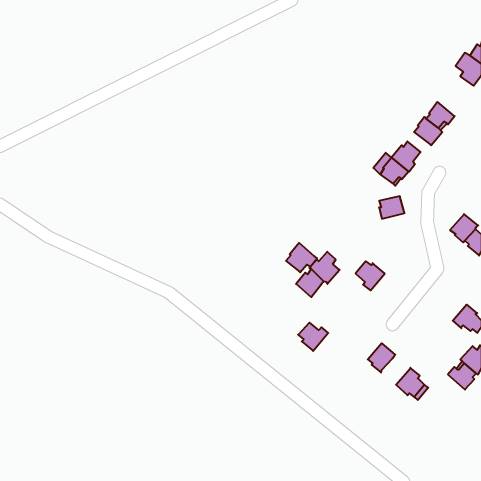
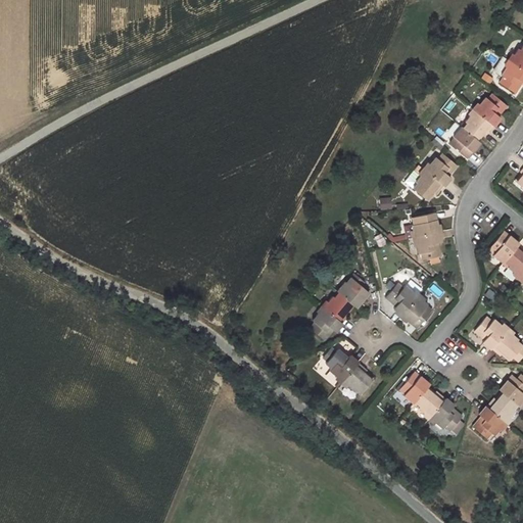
building: none -> [475,95,507,128]
building: none -> [415,232,441,260]
building: [286,243,317,272] -> [307,308,341,340]
building: none -> [402,297,432,329]
building: none -> [475,317,507,349]
building: none -> [340,362,372,393]
building: none -> [415,389,445,418]
building: none -> [474,407,505,439]

